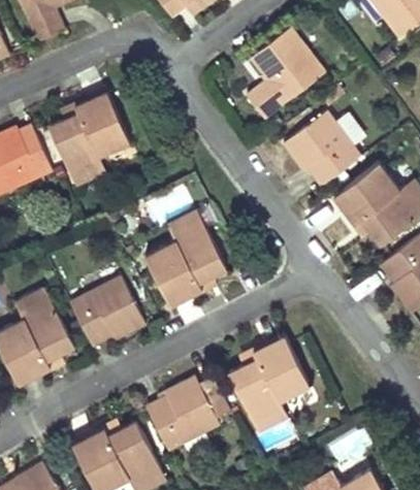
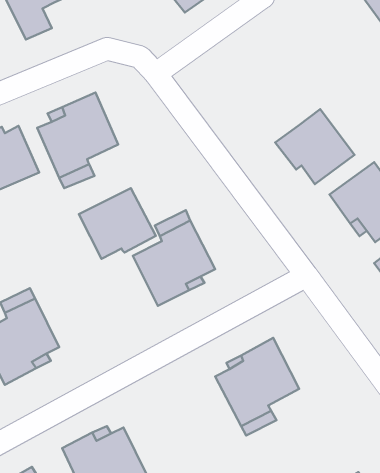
building: [250,27,327,118] -> none
building: [66,279,142,349] -> [79,188,156,259]
building: [143,377,218,452] -> none

